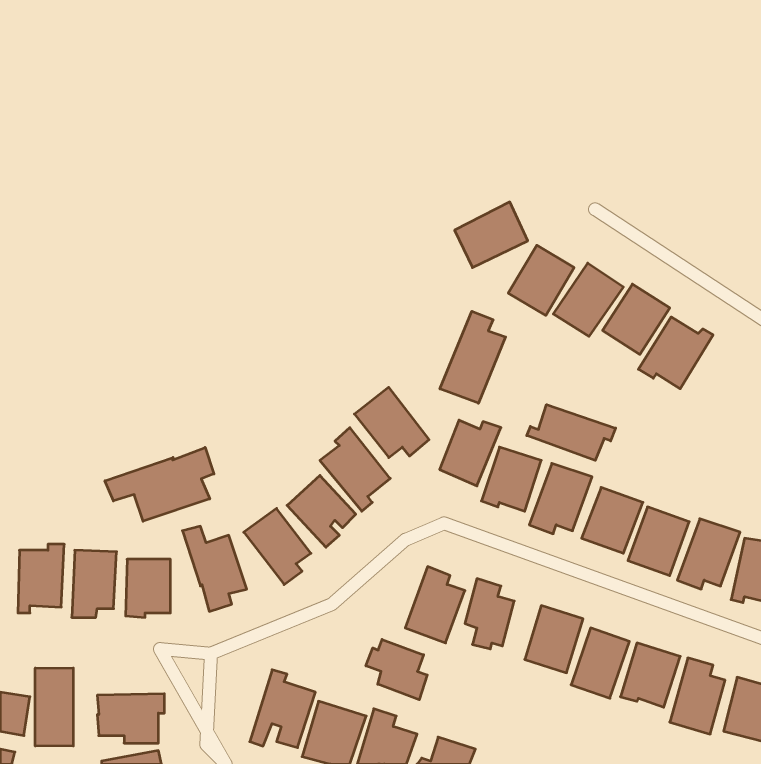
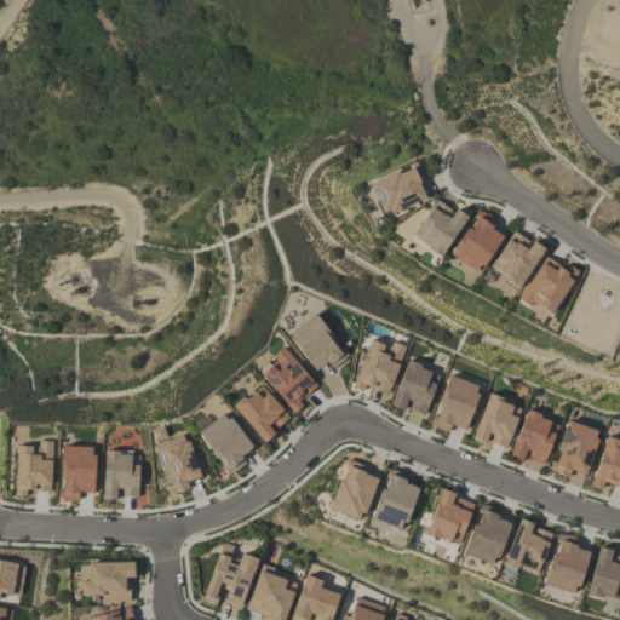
building: [440,311,506,403] -> none
building: [527,405,616,460] -> none
building: [105,447,214,521] -> none
building: [366,639,427,700] -> none
building: [35,668,73,746] -> none

